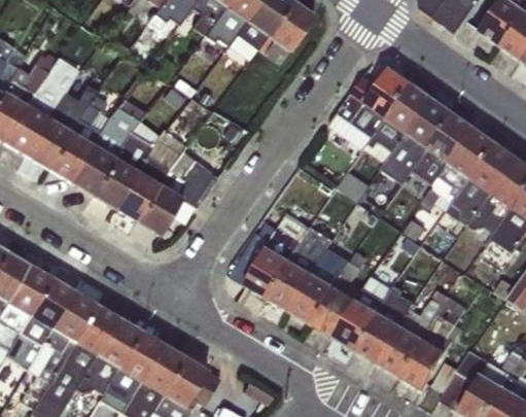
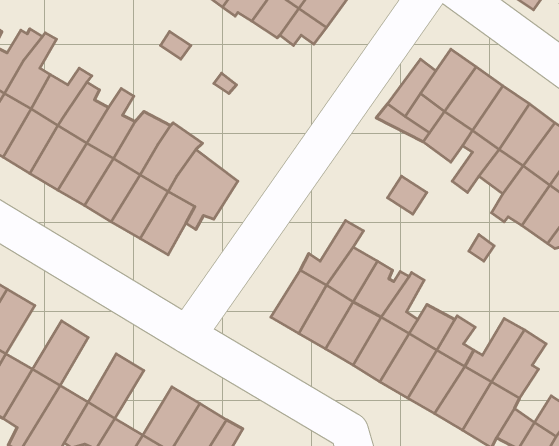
building: [27,276,72,327] -> none
building: [71,302,116,354] -> none
building: [115,328,162,381] -> none

